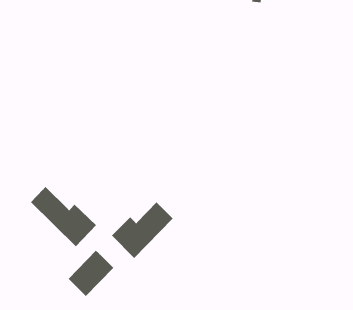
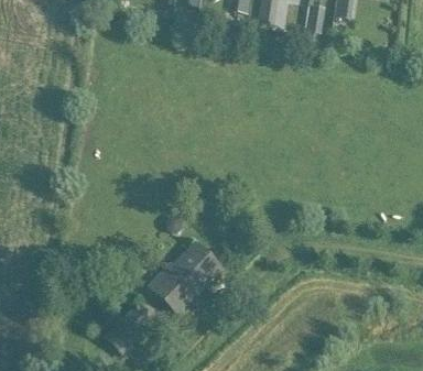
building: [30,186,97,247] -> none

